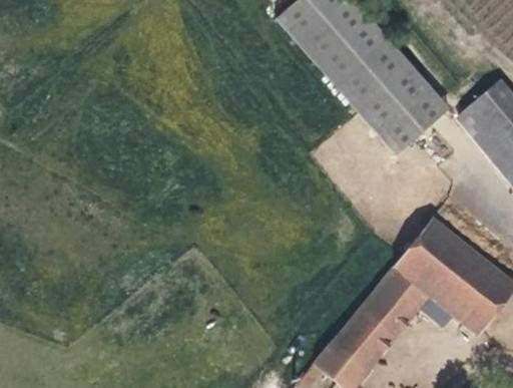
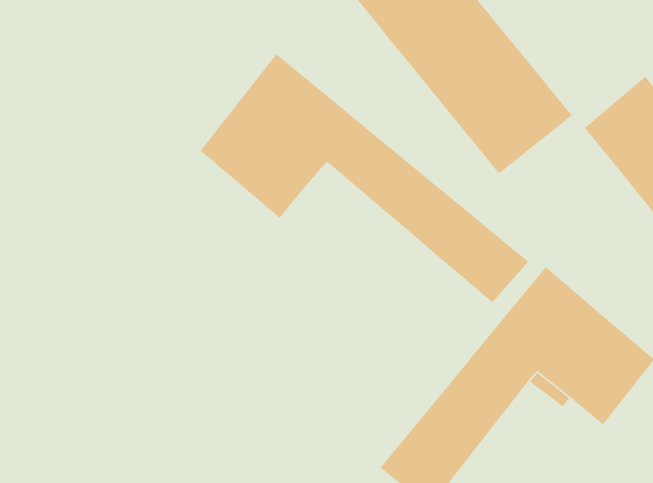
building: none -> [199,53,529,303]

